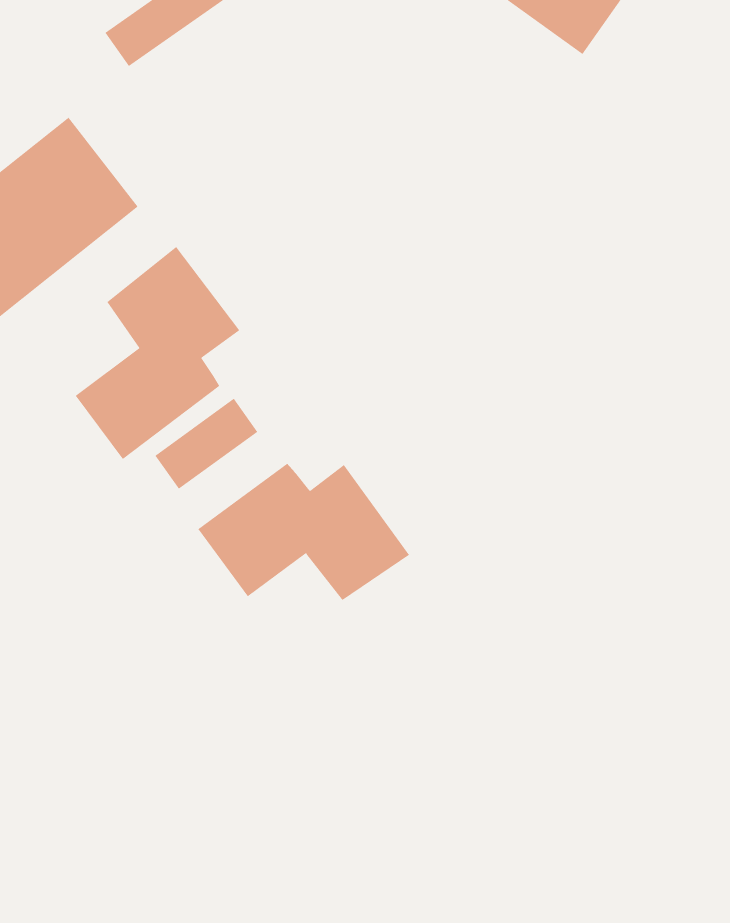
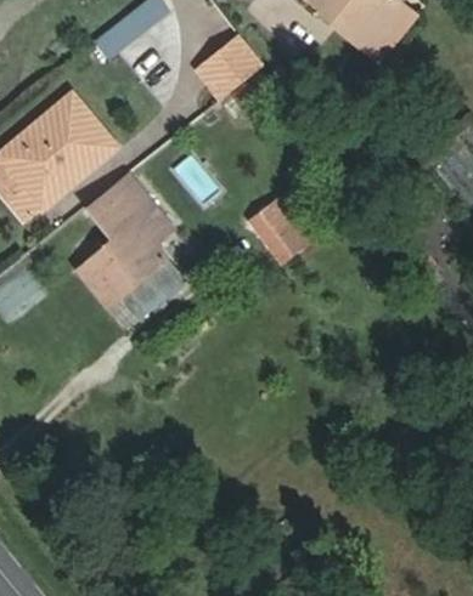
building: none -> [199,45,261,104]
building: none -> [250,204,310,266]
building: [197,463,410,601] -> none

